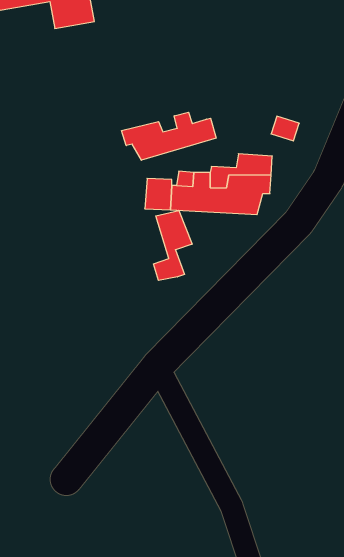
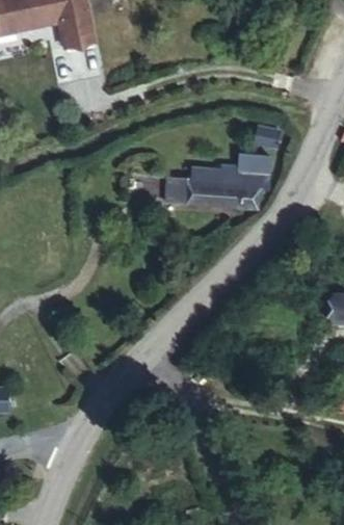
building: [122,112,216,160] -> none
building: [154,210,192,280] -> none

